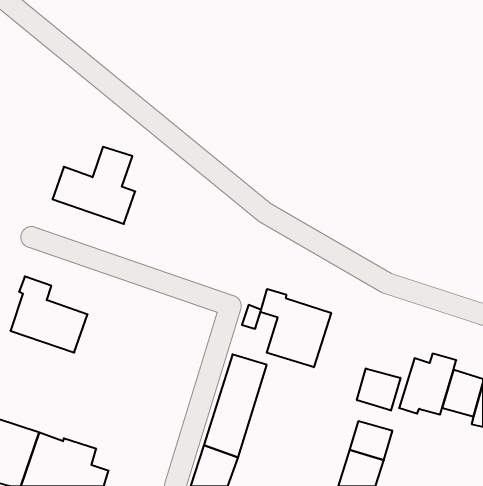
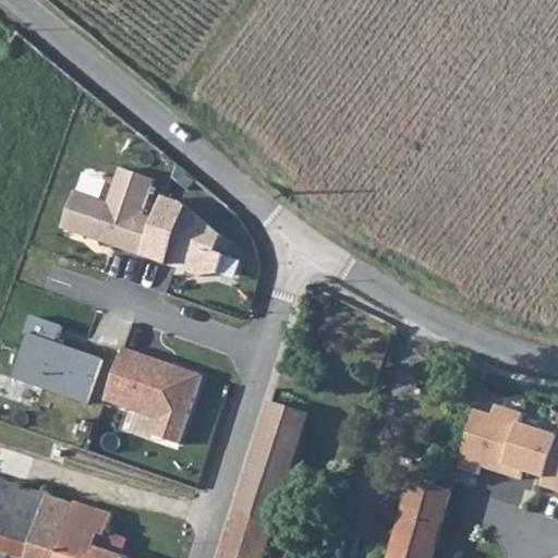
building: none -> [142,197,222,276]
building: [260,289,331,367] -> none
building: none -> [102,348,201,444]
building: [357,368,400,411] -> none

